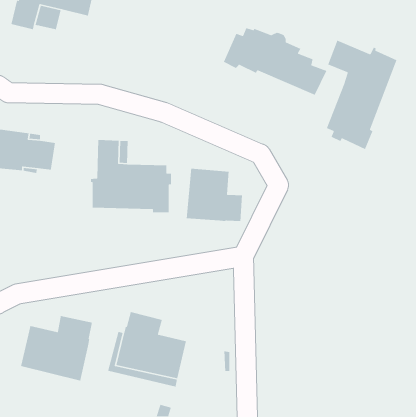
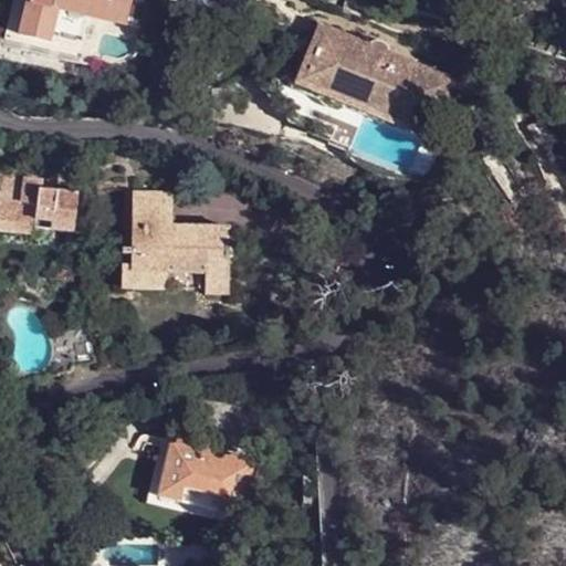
building: [326,39,398,150] -> none
building: [186,168,243,222] -> none
building: [20,315,93,381] -> none

